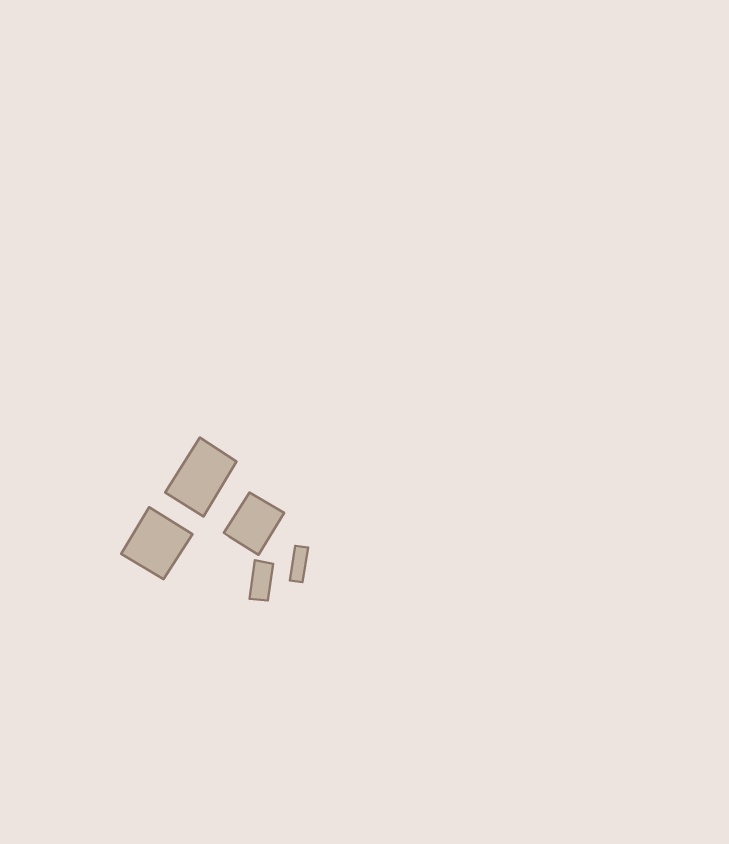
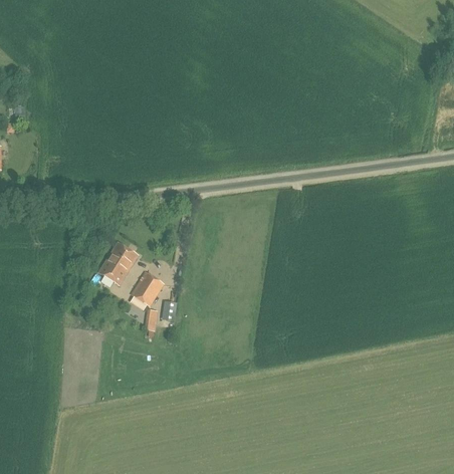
building: [121,507,193,579] -> none

